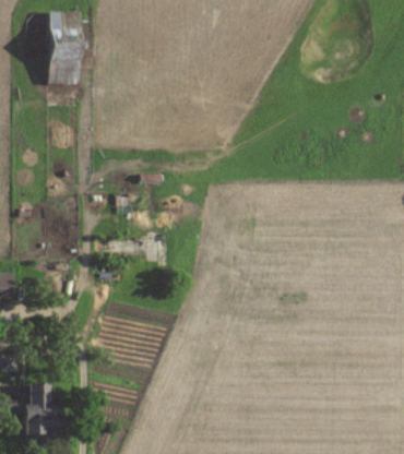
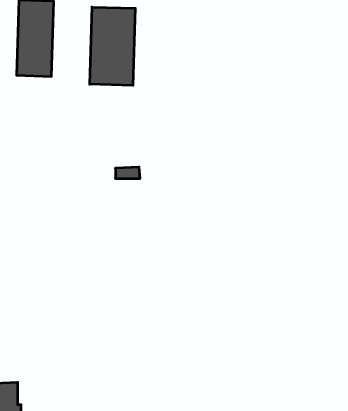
building: none -> [90,7,135,85]

